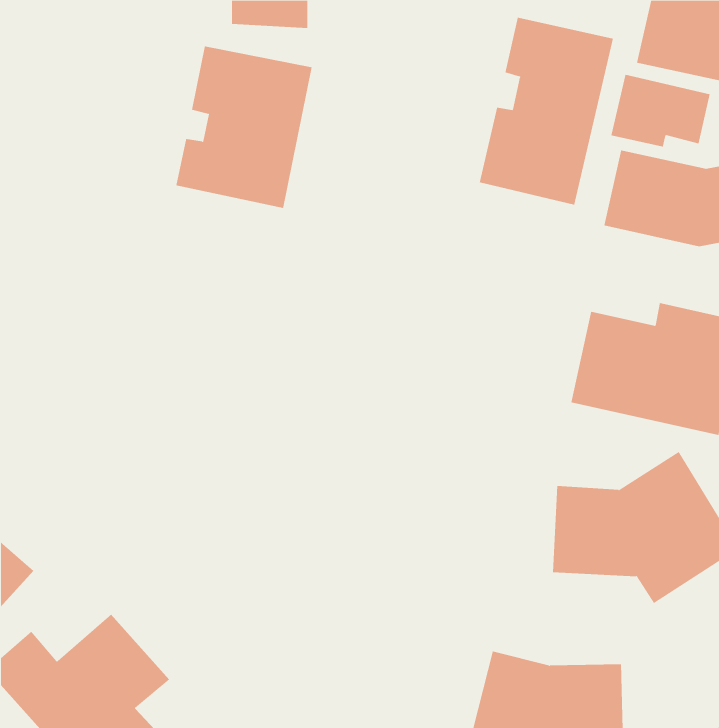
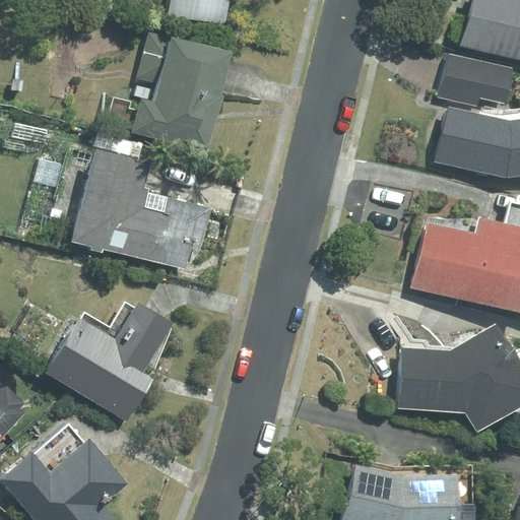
building: [479,17,613,206] -> none
building: none -> [71,150,211,268]
building: none -> [44,303,172,420]

